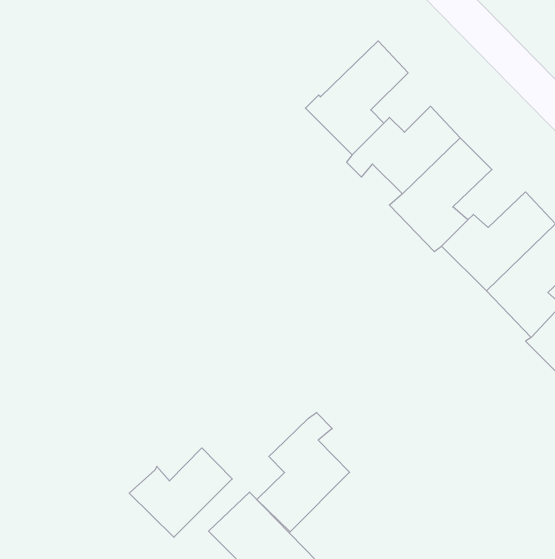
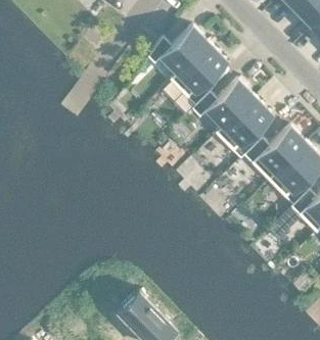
building: none -> [147,26,209,74]
building: [257,412,350,532] -> none
building: [129,448,232,537] -> none

